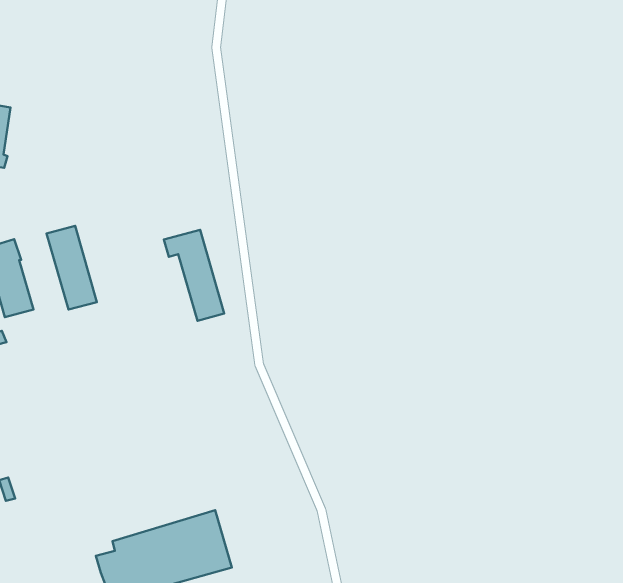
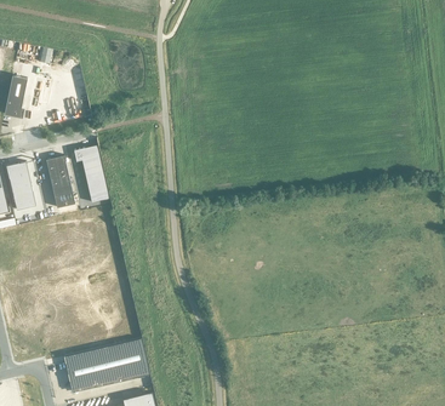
building: [164,230,224,321] -> [73,145,108,202]

